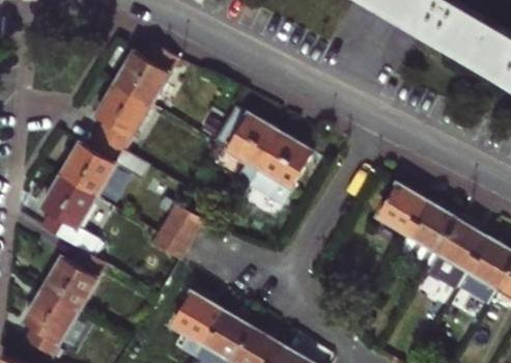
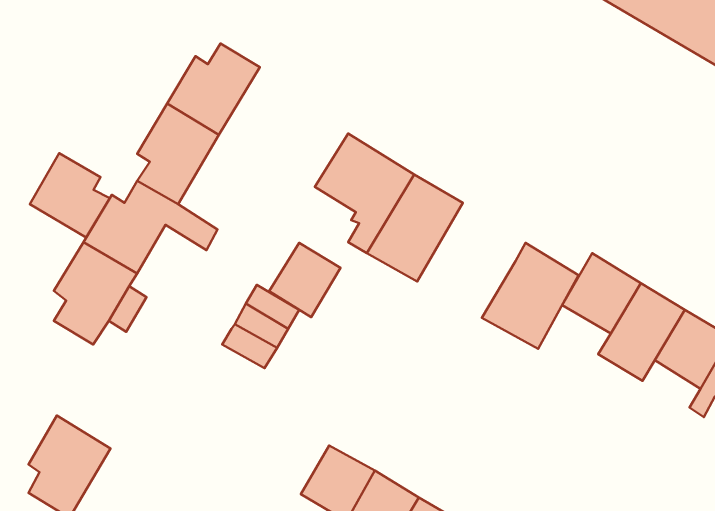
building: none -> [30,153,110,238]
building: none -> [482,243,579,349]
building: none -> [269,243,340,317]
building: [44,249,106,310] -> none
building: [171,288,223,340] -> none

